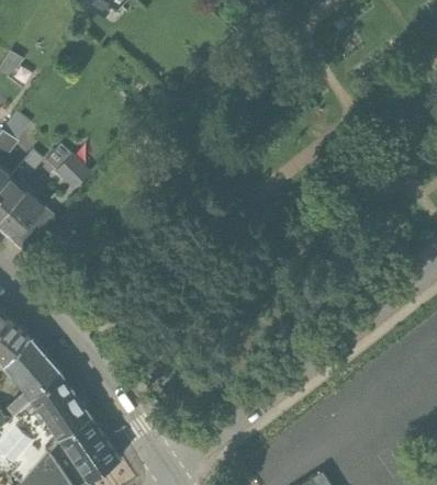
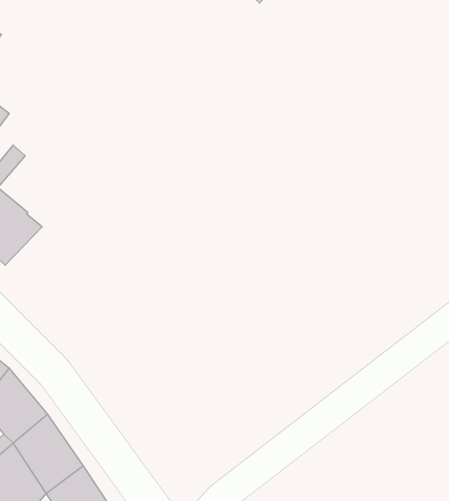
building: [45,145,88,188] -> none

